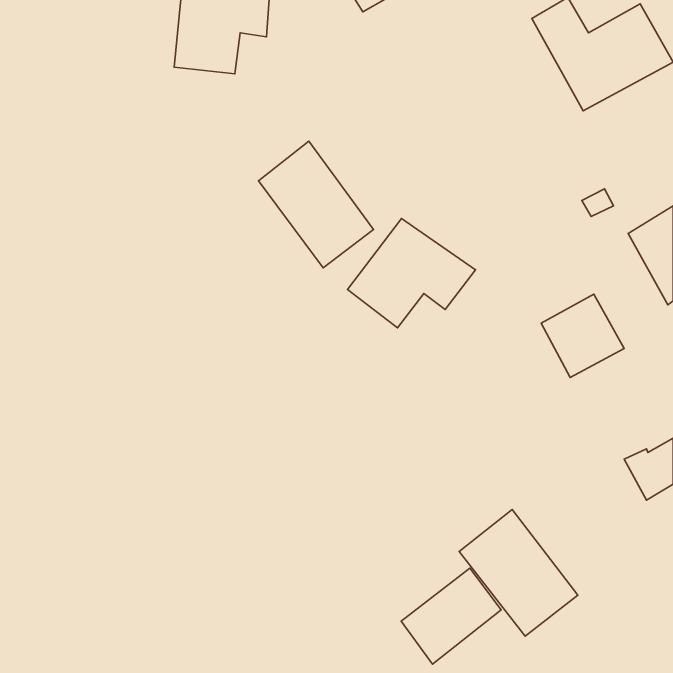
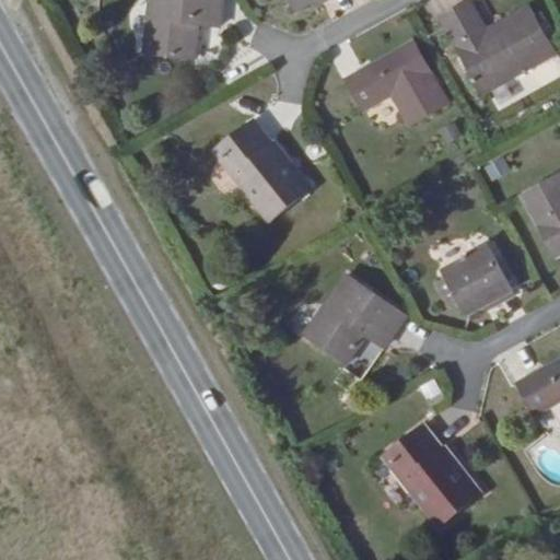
building: none -> [347,45,448,127]
building: [347,218,475,328] -> [303,272,409,363]
building: [401,568,501,664] -> none

